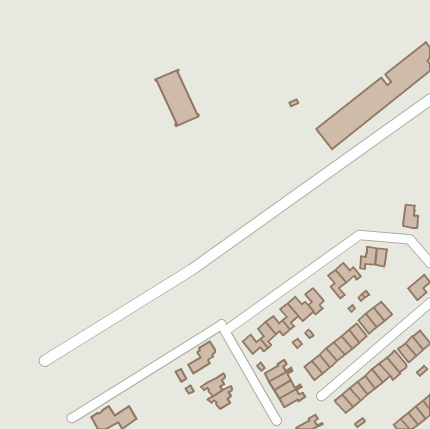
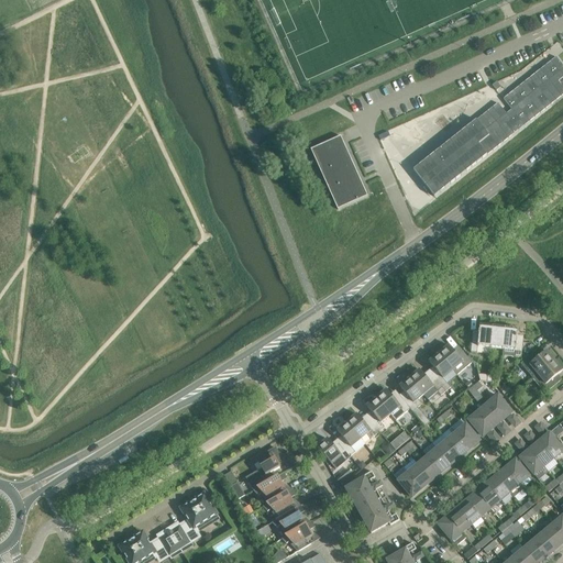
building: [155,70,199,126] -> [309,134,366,208]
building: [403,205,418,228] -> [501,325,521,355]
building: none -> [519,349,553,376]
building: none -> [408,367,444,397]
building: none -> [252,471,284,500]
building: none -> [168,492,216,547]
building: none -> [280,519,312,550]

